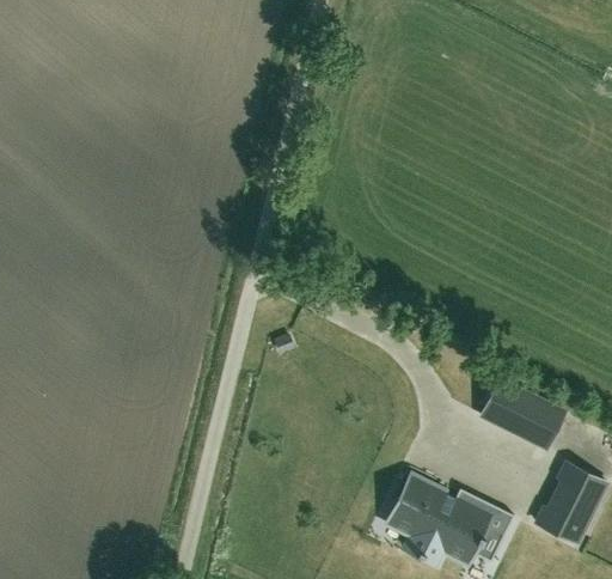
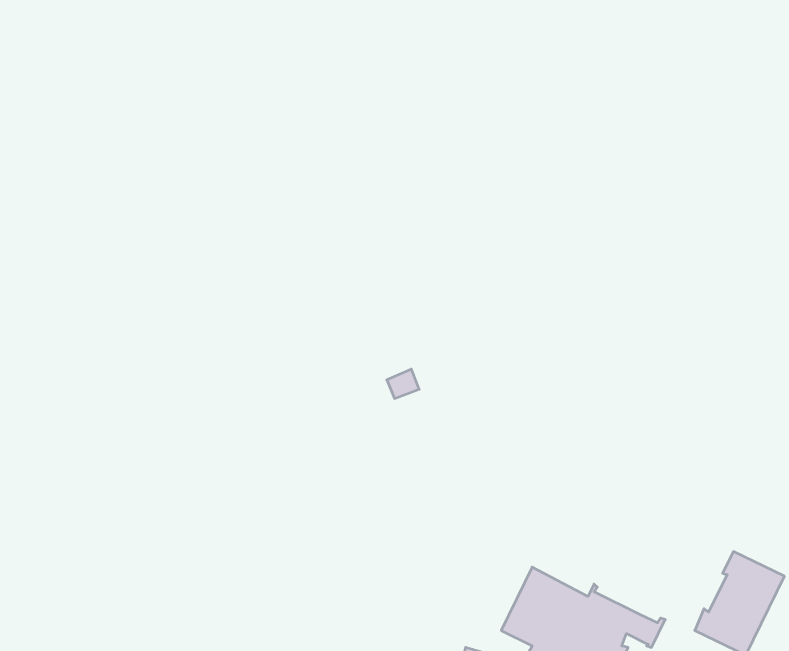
building: [482,380,565,449] -> none

